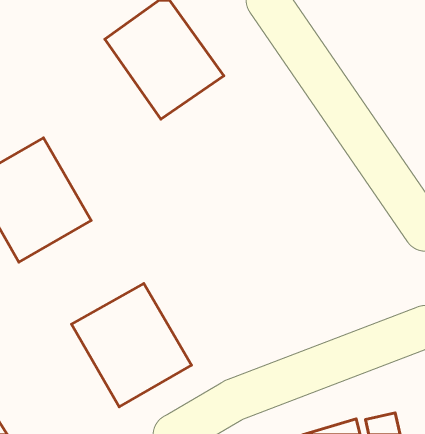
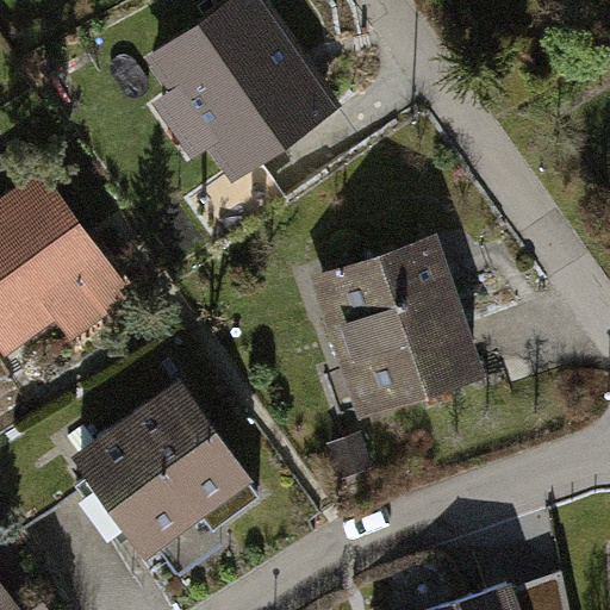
building: none -> [320,242,461,402]

